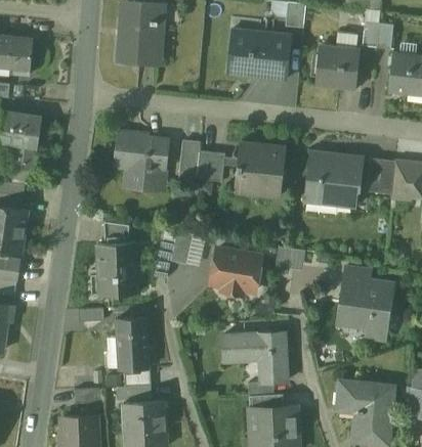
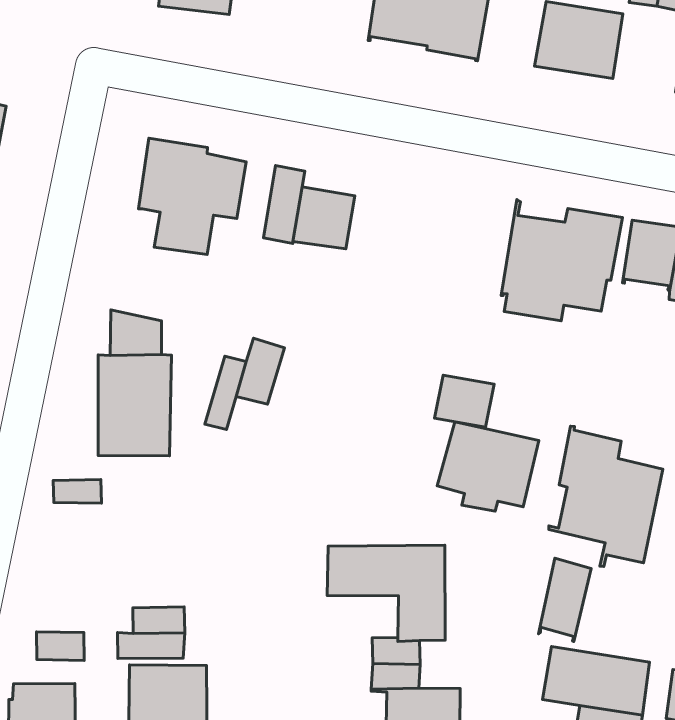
building: [237,143,285,194] -> none
building: [210,249,261,294] -> [437,422,539,511]
building: [115,318,150,369] -> none
building: none -> [538,558,591,641]

